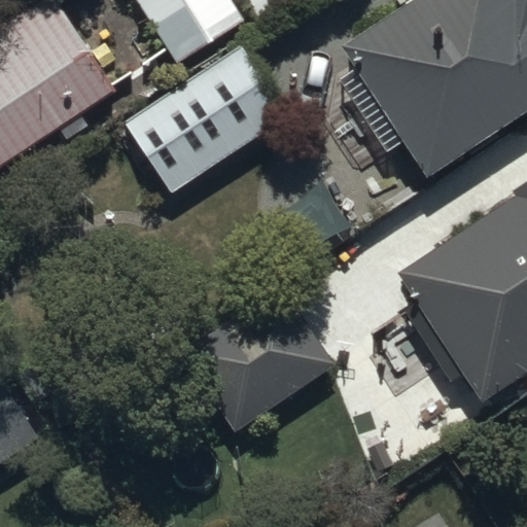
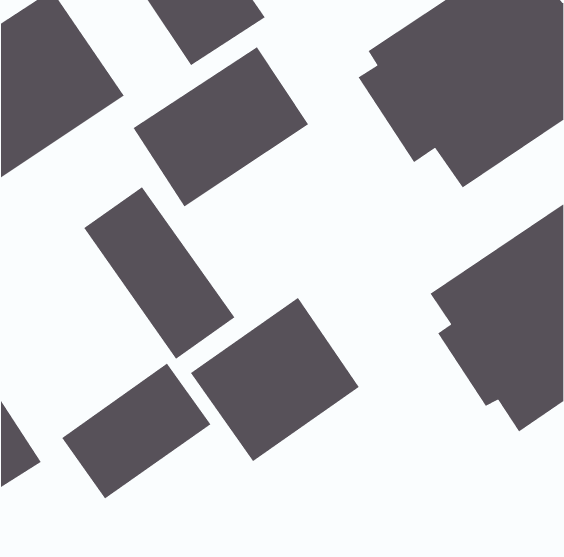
building: none -> [83,186,235,360]
building: none -> [61,362,212,499]

